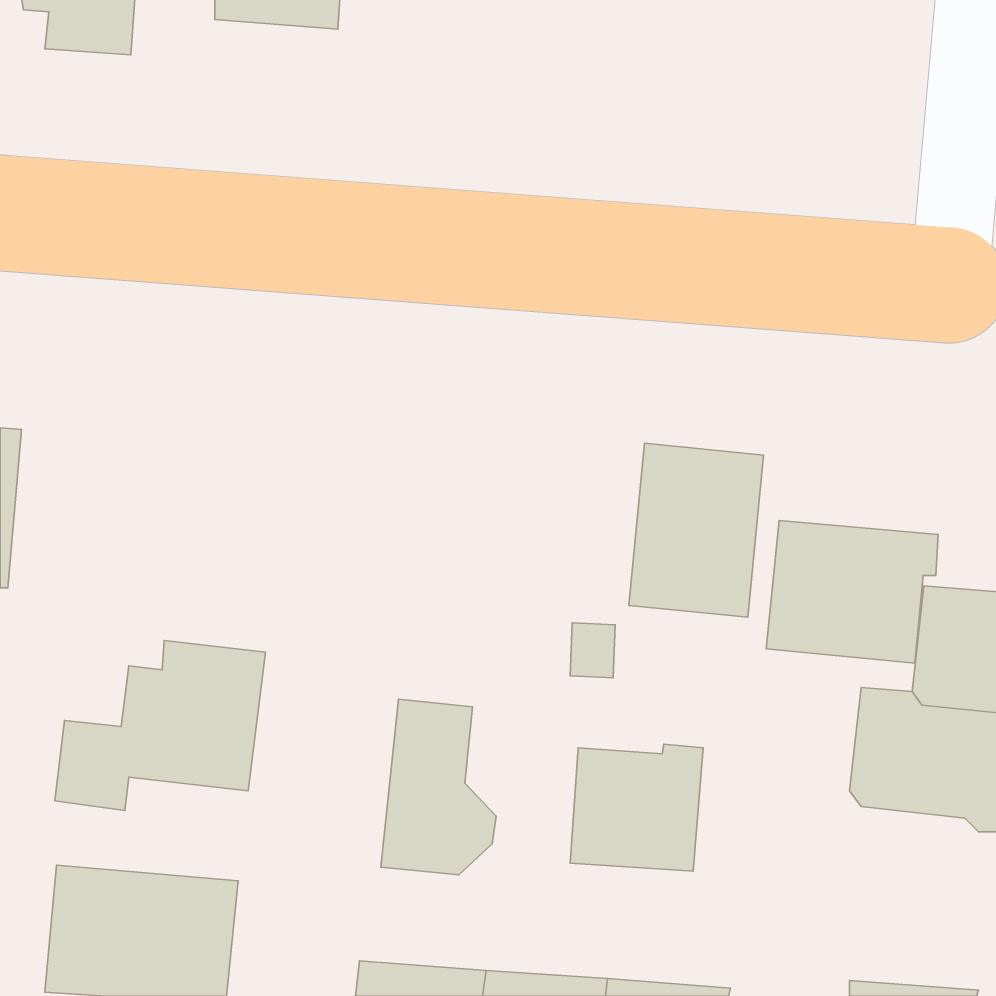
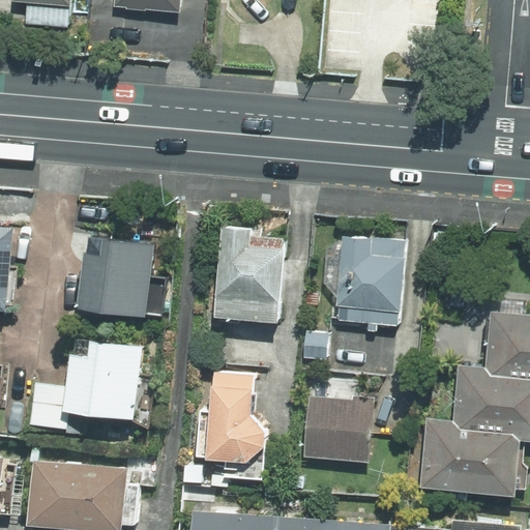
building: none -> [213,226,284,323]
building: none -> [76,235,154,317]
building: [766,521,938,663] -> none
building: none -> [418,417,520,497]

